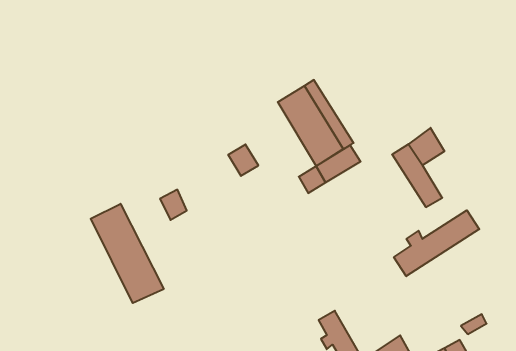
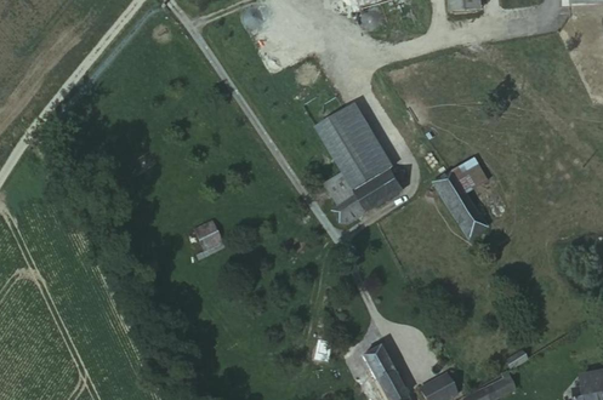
building: [228,144,258,176] -> [326,173,358,206]
building: [91,204,164,303] -> none
building: [394,210,479,276] -> none

